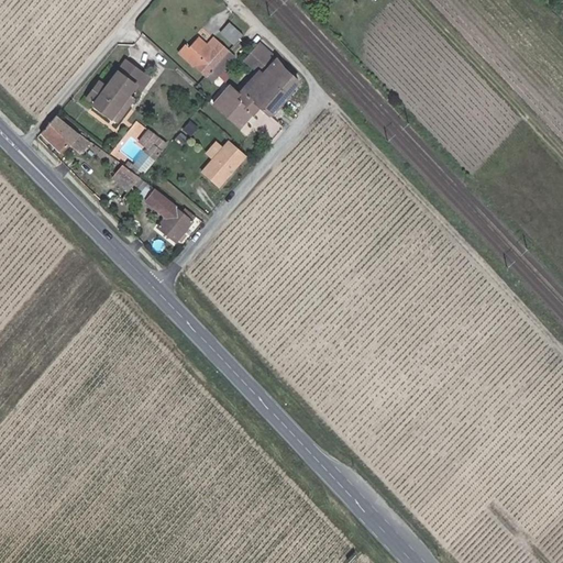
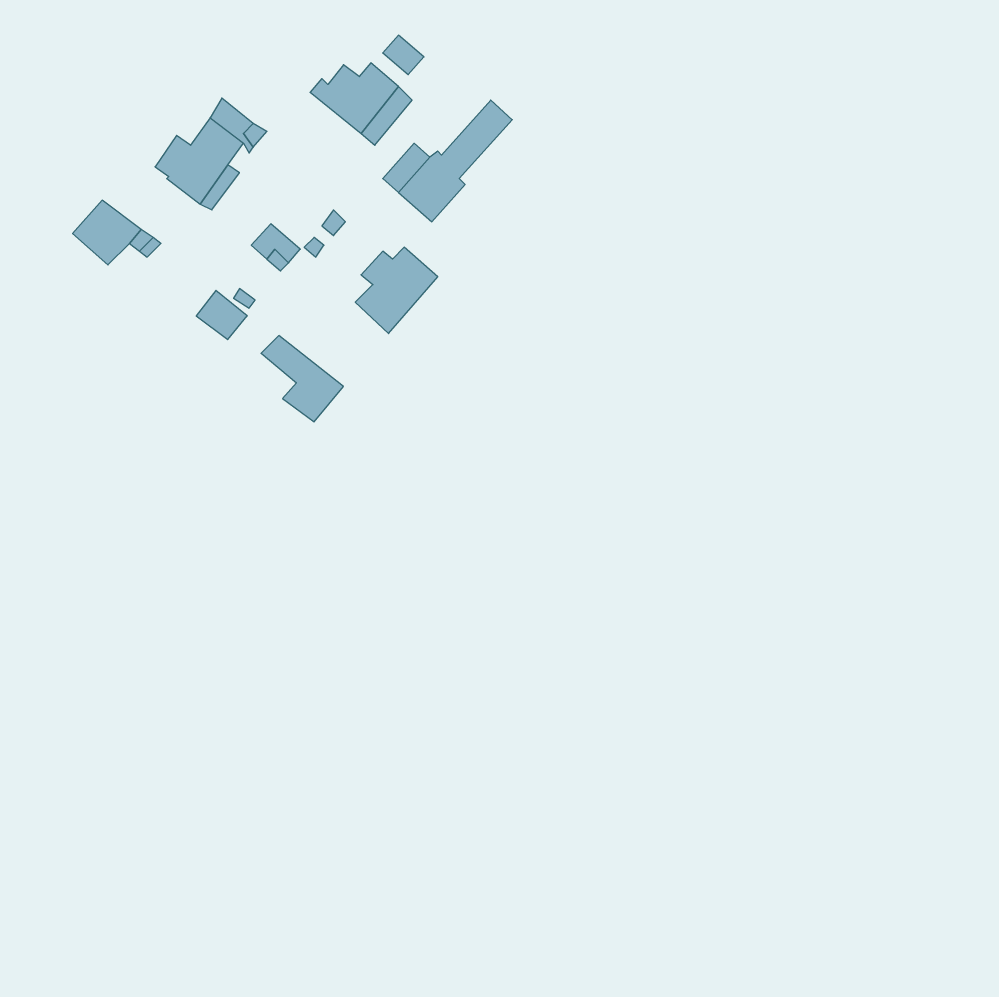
building: [245,44,275,90] -> none
building: [257,70,299,115] -> none

